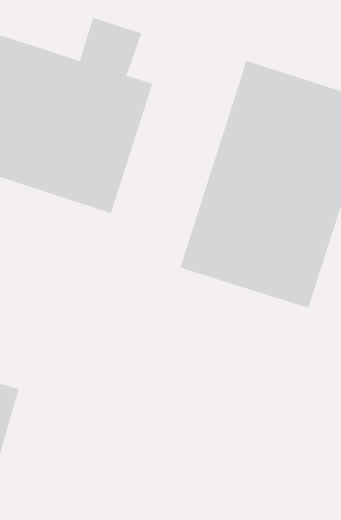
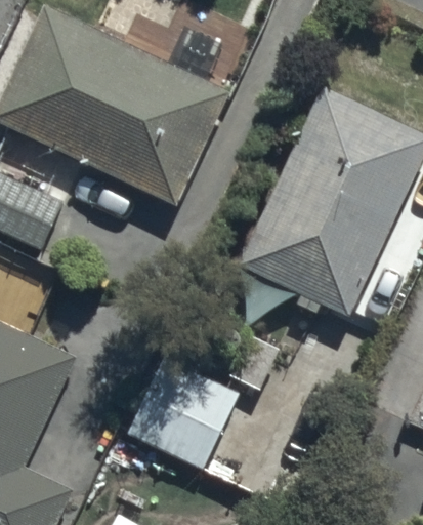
building: none -> [124,356,241,473]

